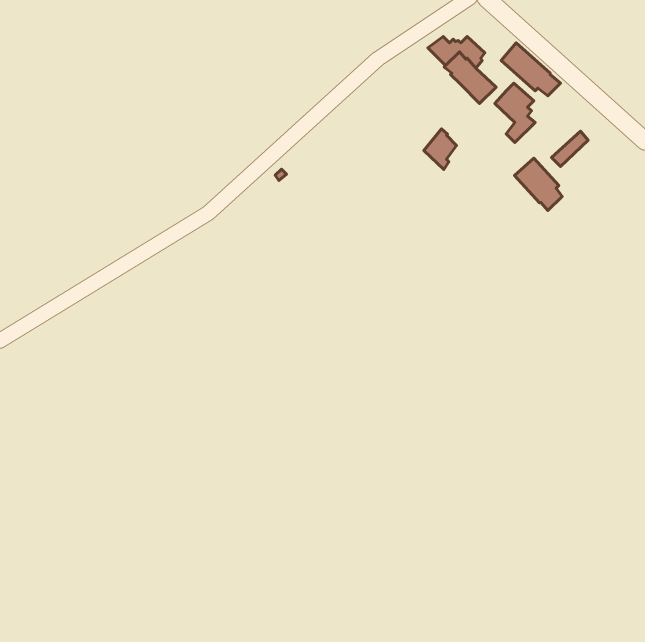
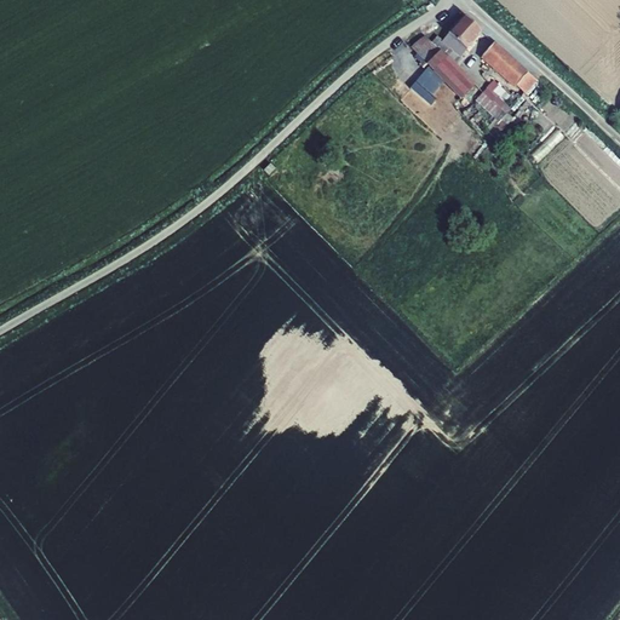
building: none -> [448,16,483,51]
building: [424,129,457,169] -> [411,65,442,104]
building: [514,158,562,211] -> none

